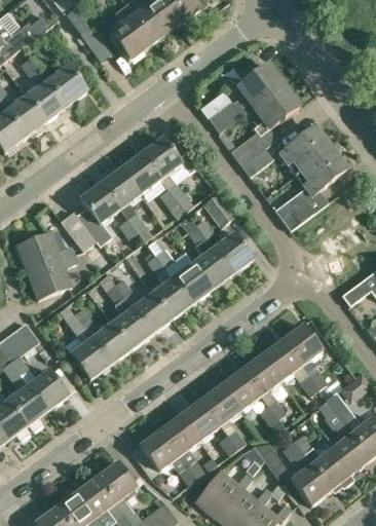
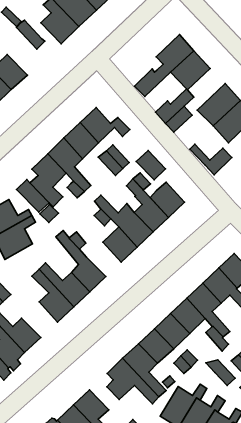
building: [131,293,171,333] -> none

